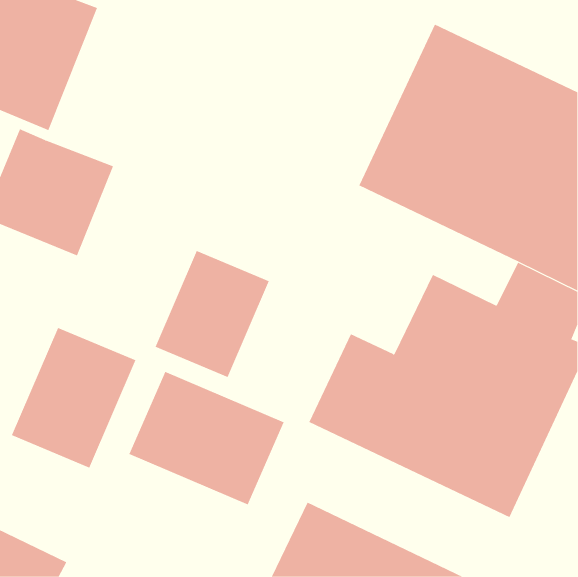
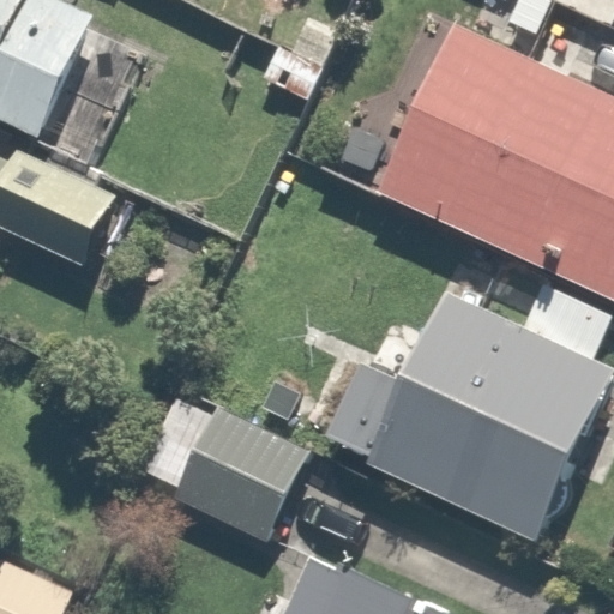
building: [155,250,270,378] -> none
building: [11,327,136,468] -> none

